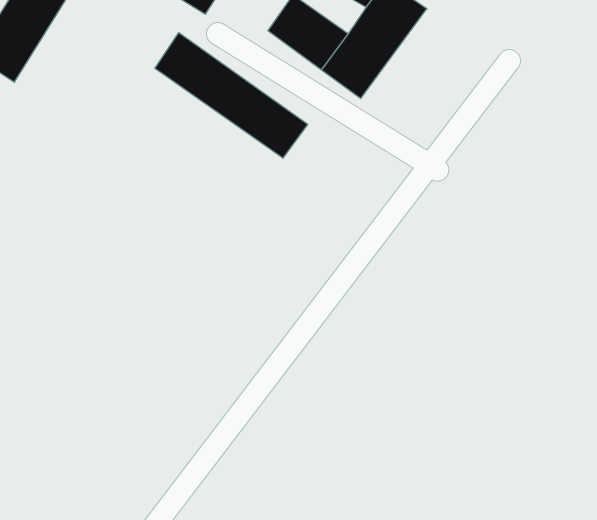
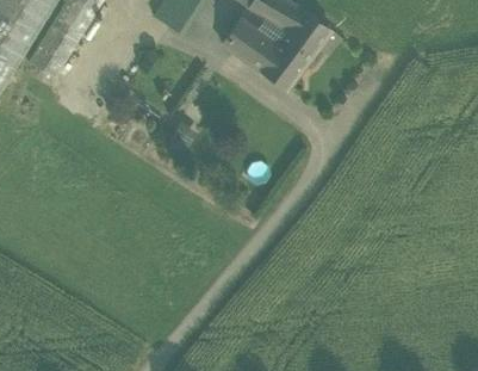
building: [155,33,308,158] -> none

